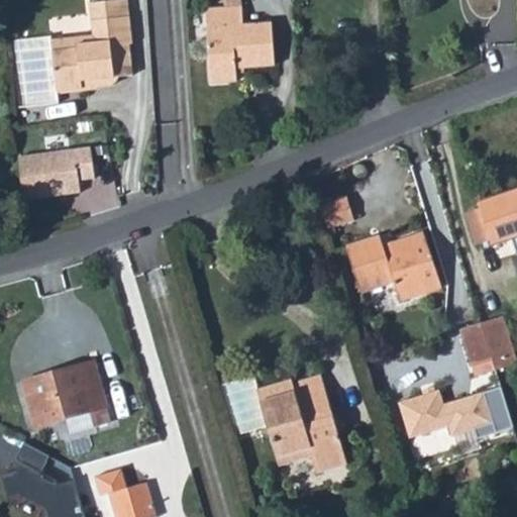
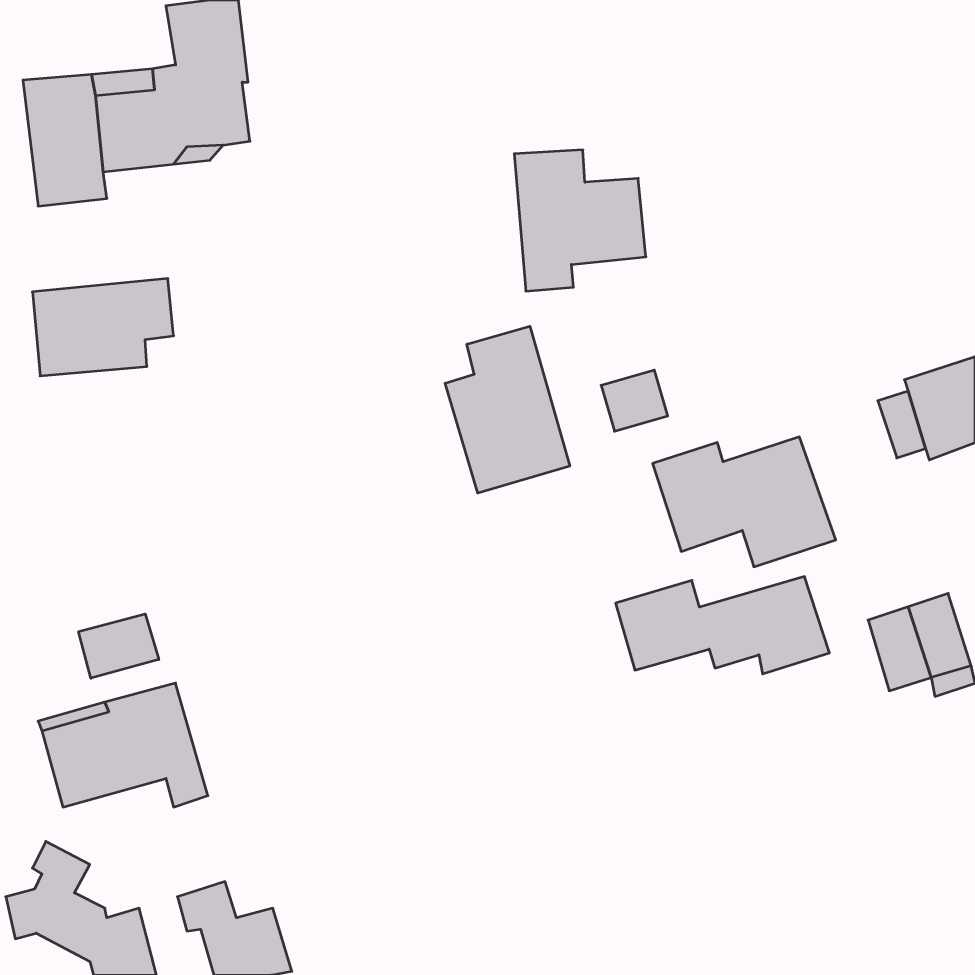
building: [204,6,274,81] -> [514,150,646,291]
building: none -> [445,326,570,493]
building: none -> [79,614,159,678]
building: [255,375,347,472] -> none
building: [399,386,512,437] -> [616,577,829,674]

